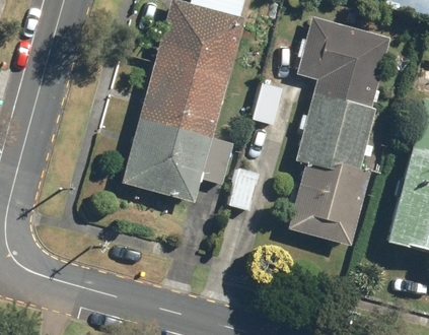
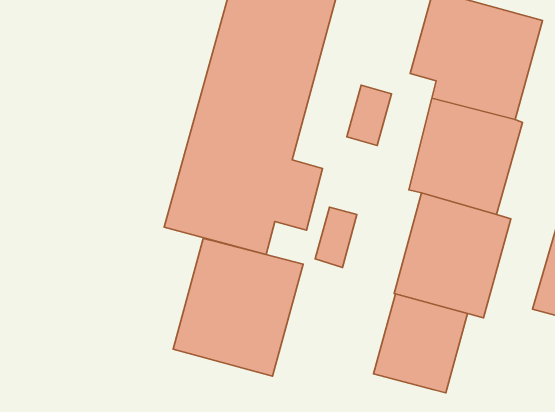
building: none -> [173,239,303,376]
building: none -> [373,294,468,393]

